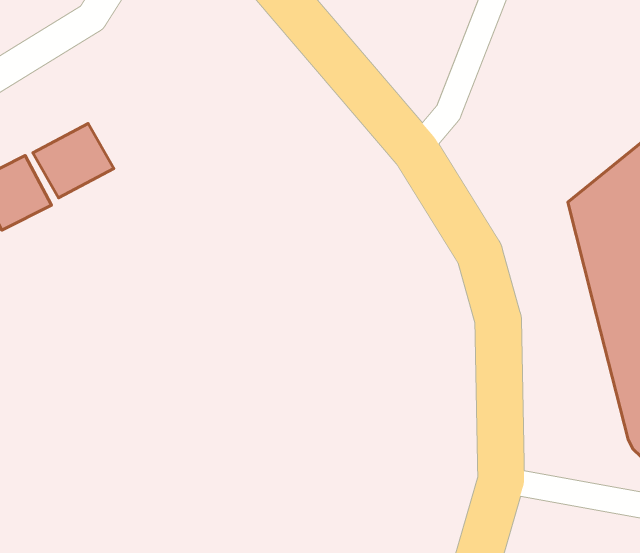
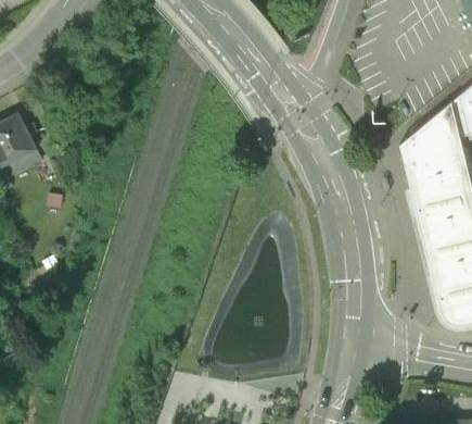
building: [33,124,114,198] -> none

